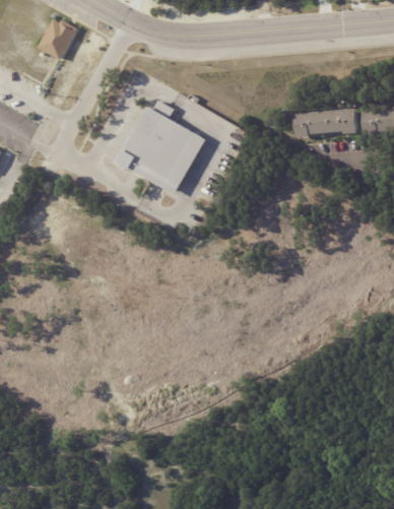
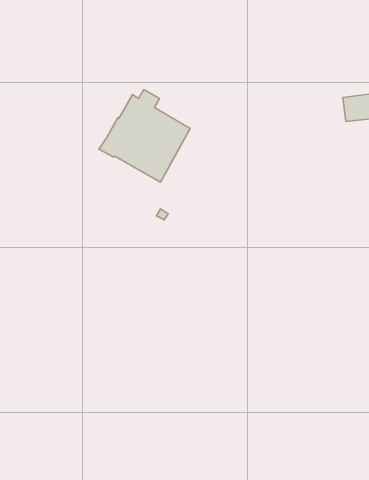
building: [41,22,80,62] -> none
building: [291,106,354,134] -> none

